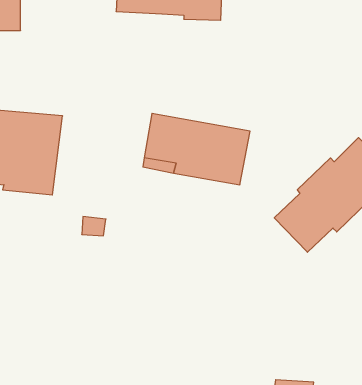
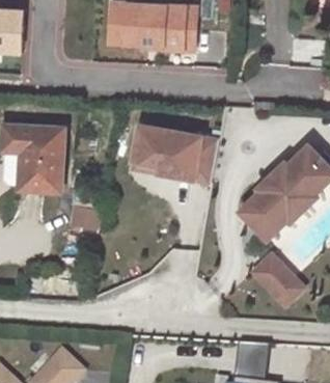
building: none -> [252,253,303,305]

